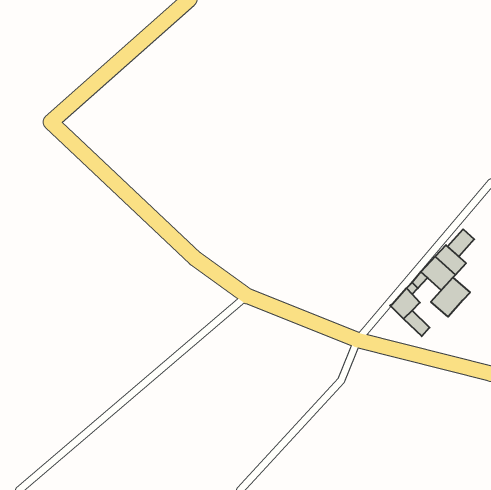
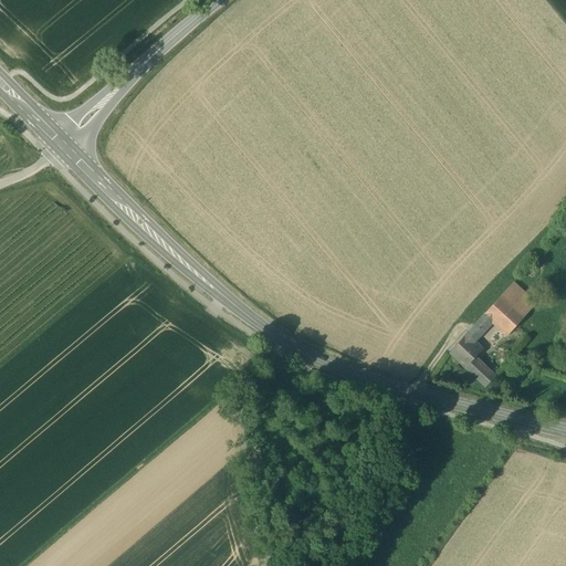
building: [448,229,474,257] -> none
building: [431,278,470,317] -> none

